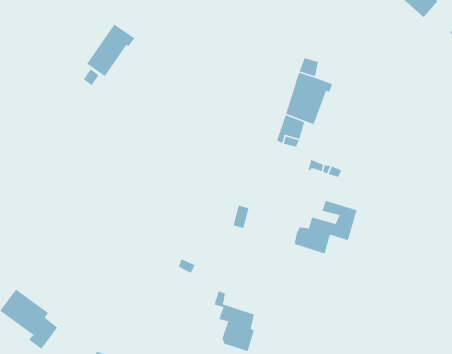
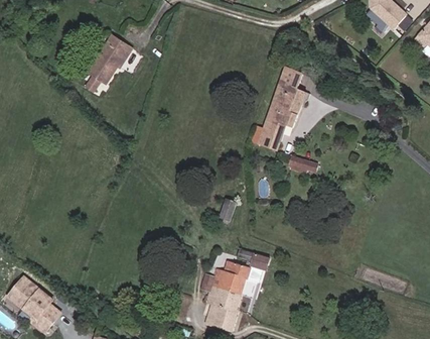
building: [294,200,357,255] -> [211,247,269,297]

